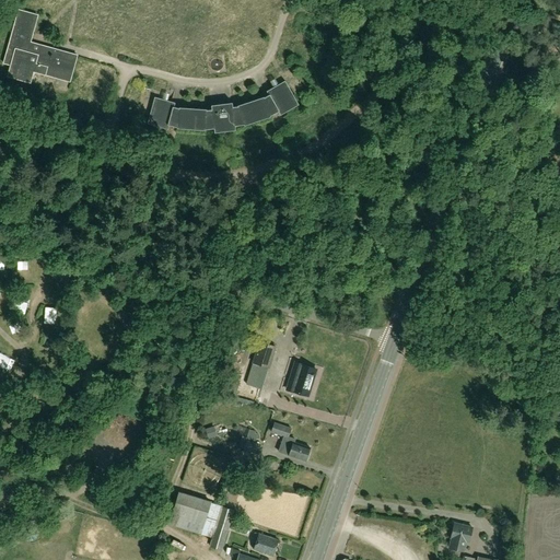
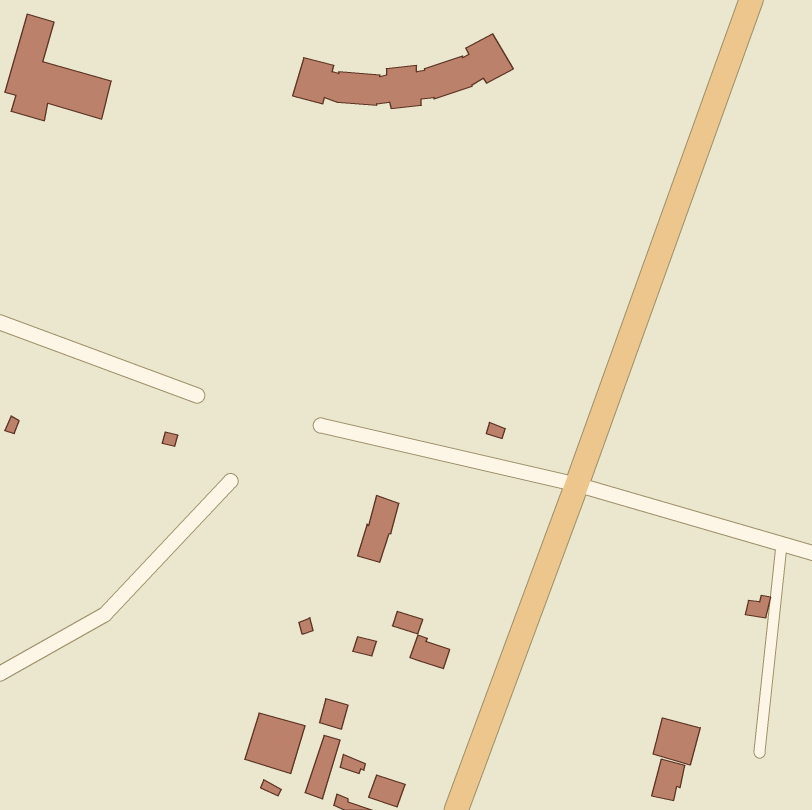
building: [147,81,299,132] -> [293,34,513,108]
building: [290,364,315,396] -> none
building: none -> [653,718,700,765]

